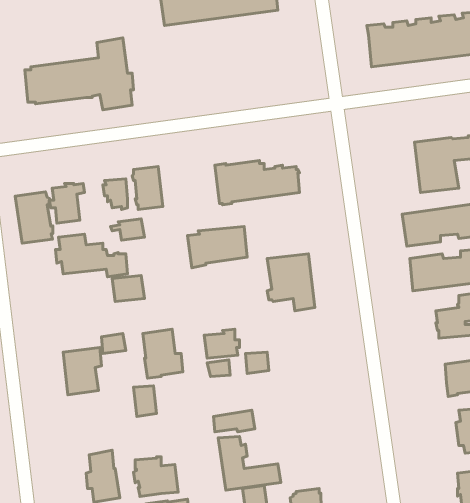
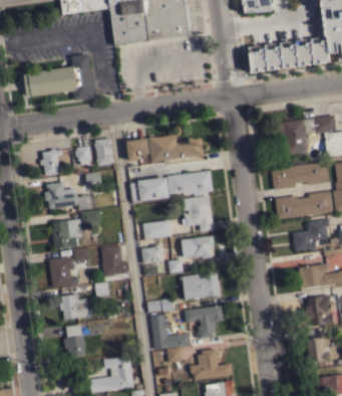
building: none -> [126,138,150,161]
building: [15,192,53,243] -> none
building: none -> [167,170,214,197]
building: none -> [52,218,83,249]
building: none -> [143,220,173,239]
building: none -> [180,235,215,258]
building: none -> [181,271,221,300]
building: none -> [185,305,225,339]
building: [134,457,178,497] -> [60,293,89,320]

